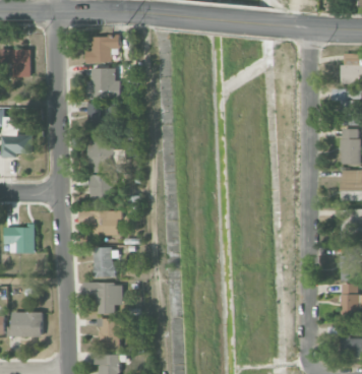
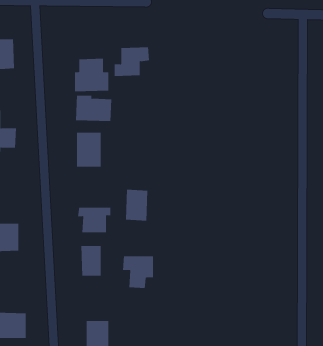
building: [85,35,120,63] -> [114,47,150,77]
building: [92,174,114,204] -> [125,189,148,221]
building: [92,283,122,314] -> [122,256,154,289]

